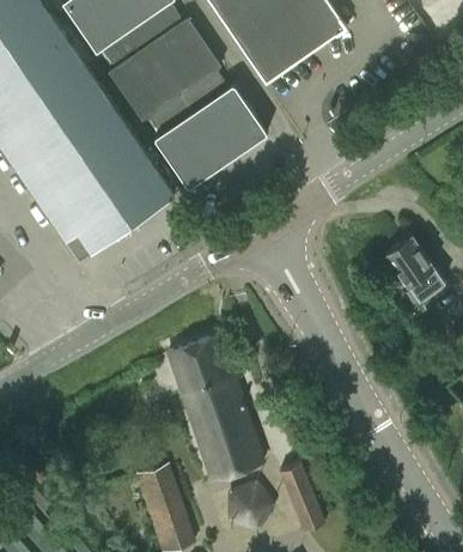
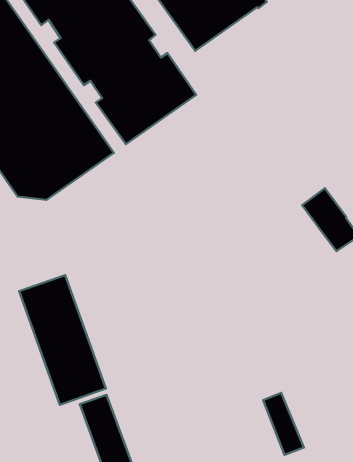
building: [167,336,264,481] -> [19,275,106,405]
building: [281,463,327,533] -> [263,393,304,455]
building: [232,484,274,528] -> none

